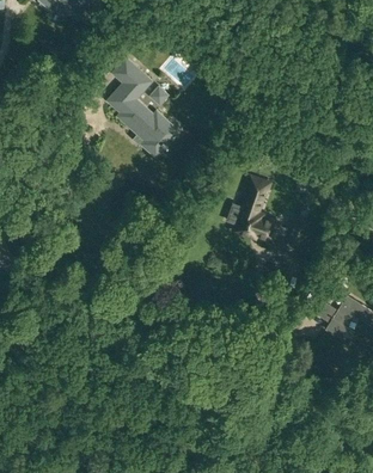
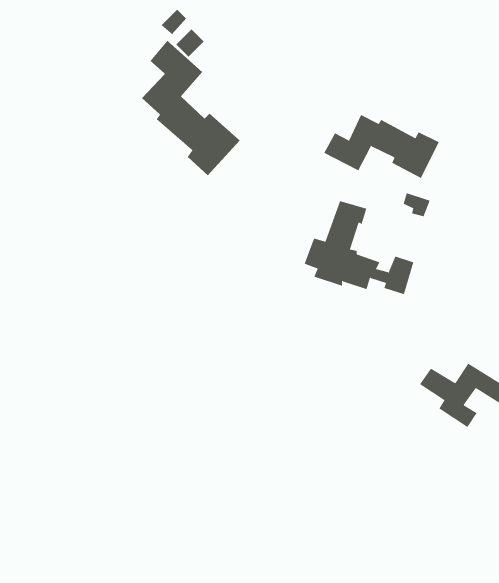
building: none -> [324,114,440,179]

